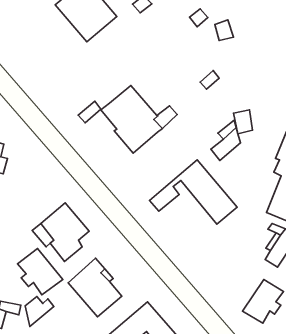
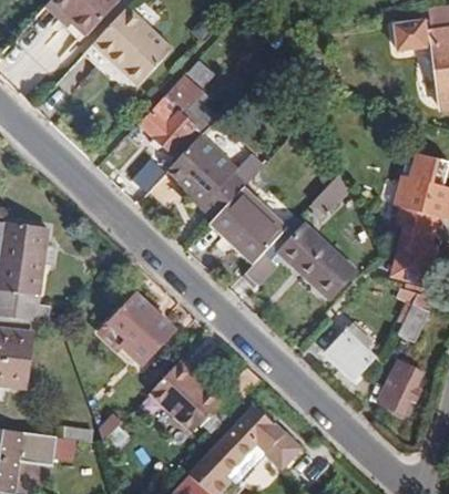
building: none -> [140,75,217,159]
building: none -> [211,189,296,263]
building: [17,249,63,295] -> none
building: none -> [325,341,376,379]

